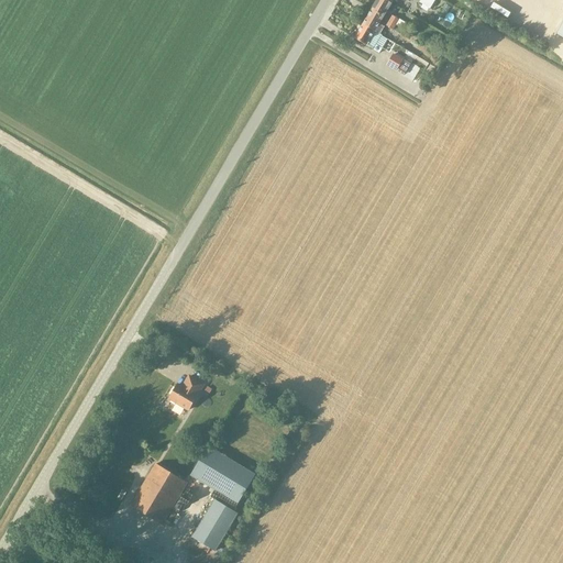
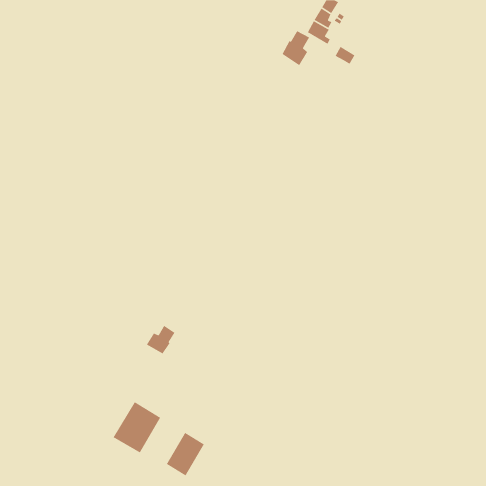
building: none -> [282,30,310,66]
building: [191,445,256,503] -> none

